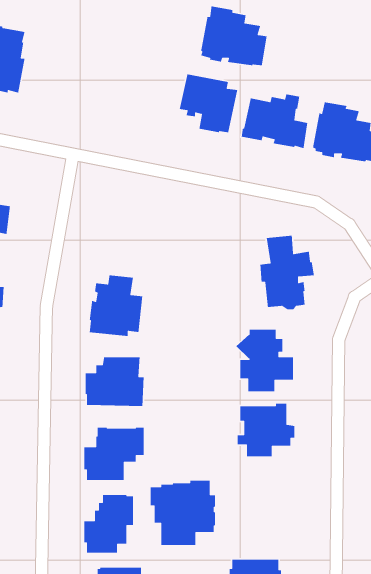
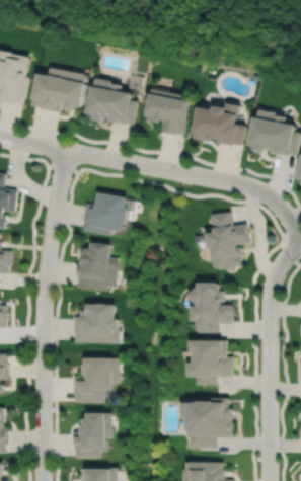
building: [200,6,268,66] -> [87,78,139,125]
building: none -> [31,68,86,112]
building: none -> [83,193,130,236]
building: [150,480,216,546] -> [182,396,233,447]

